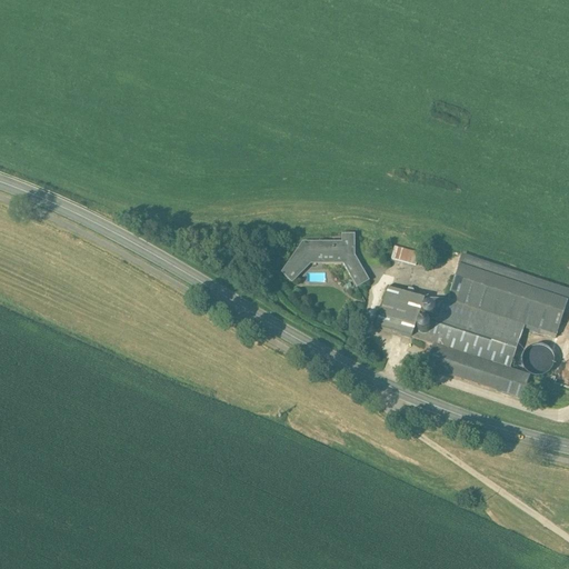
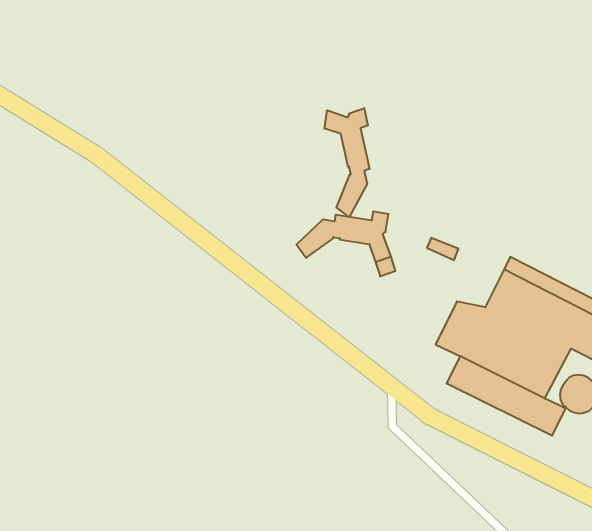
building: none -> [324,108,370,217]
building: [377,286,423,336] -> none

